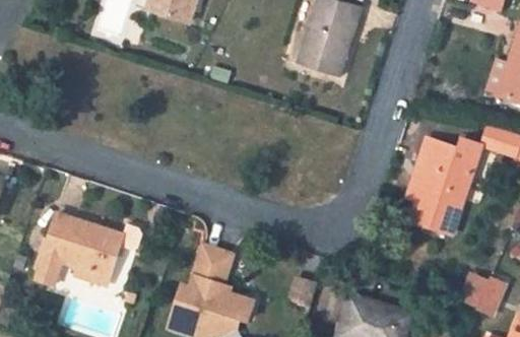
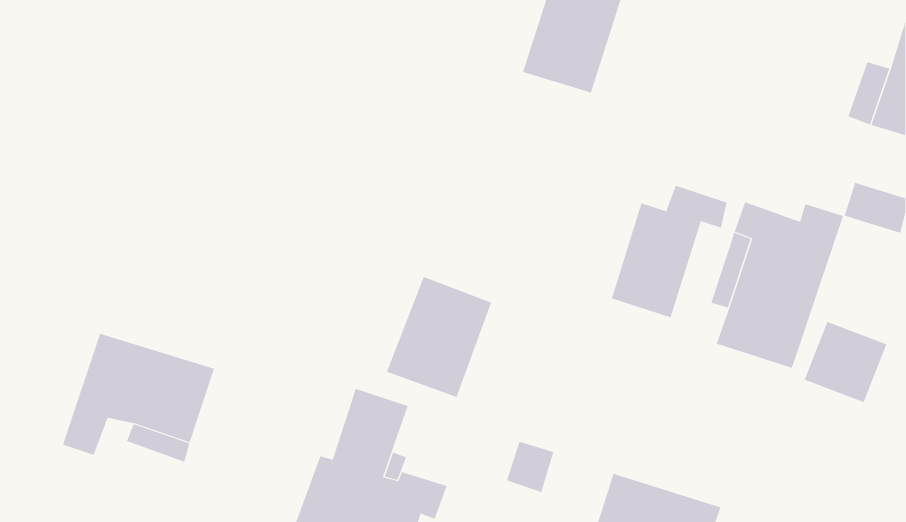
building: none -> [611,185,727,318]
building: none -> [386,276,492,398]
building: [460,269,508,316] -> [804,321,887,403]

